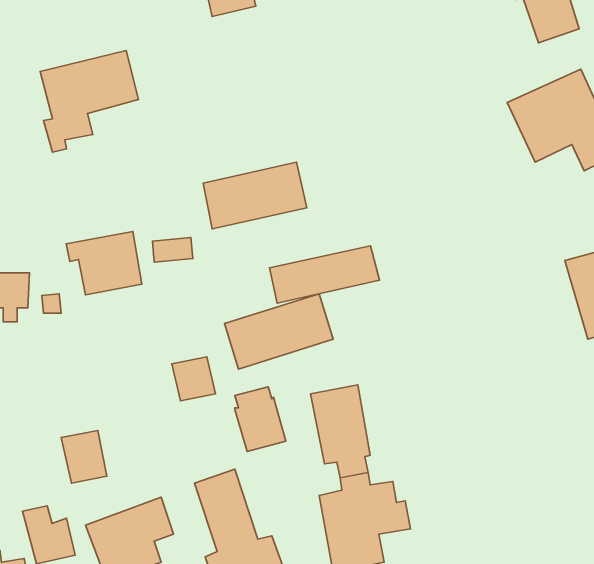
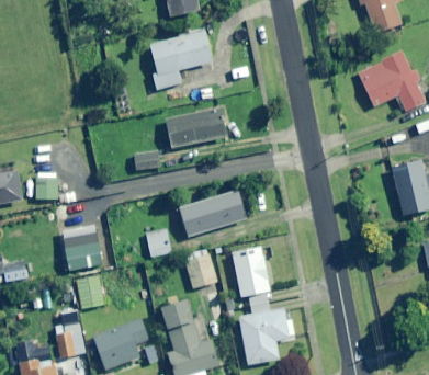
building: [40,50,138,152] -> [149,31,211,94]
building: [66,232,142,295] -> [56,231,103,271]
building: [270,246,380,303] -> none

